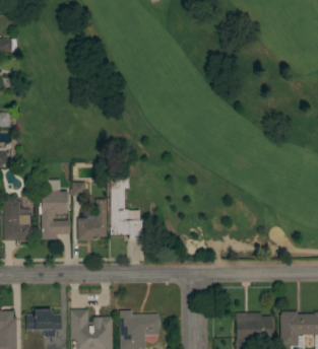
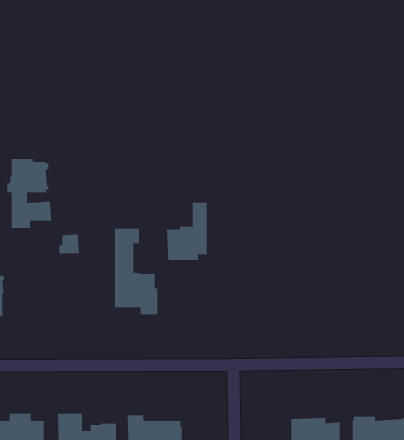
building: [39,190,71,239] -> [7,159,52,228]
building: [77,199,107,240] -> [166,202,207,260]

